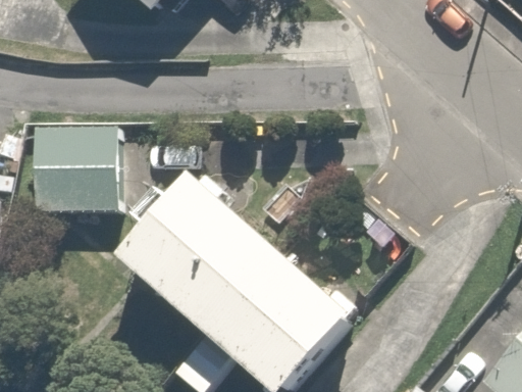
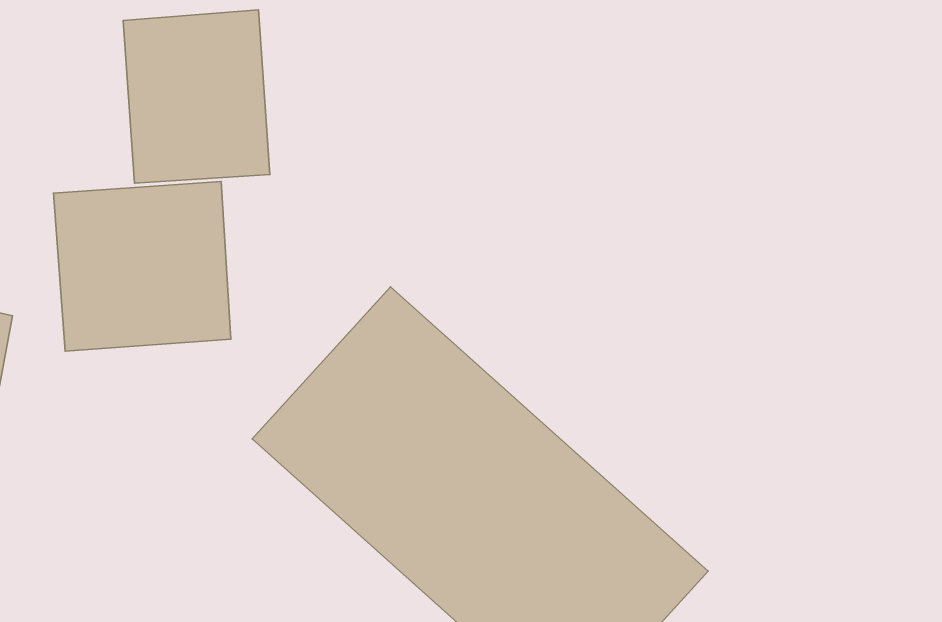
building: none -> [123,10,270,183]

